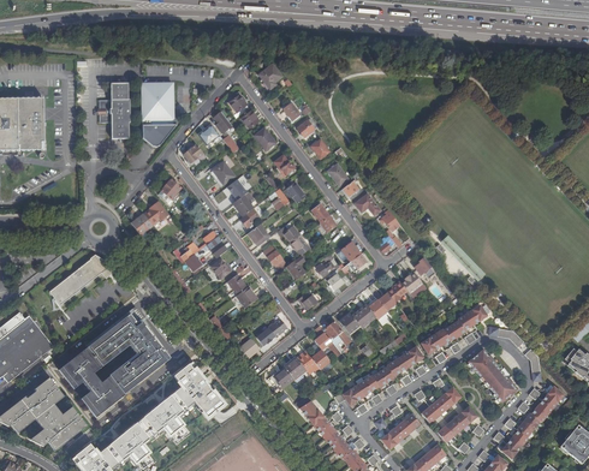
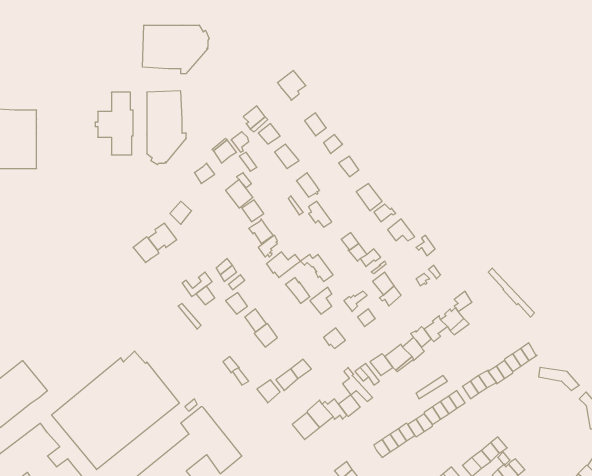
building: none -> [143,25,209,74]
building: [49,256,112,305] -> none
building: [469,348,517,401] -> none

